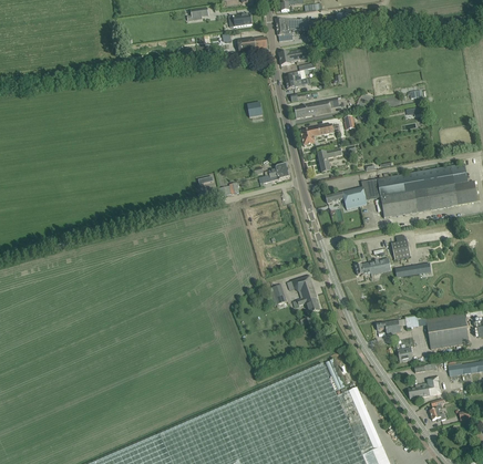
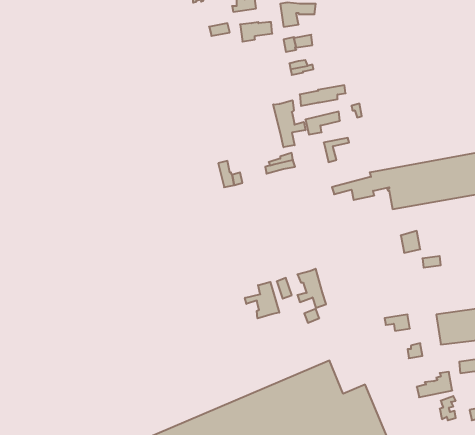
building: none -> [273,100,305,147]
building: [356,252,391,276] -> none
building: none -> [245,282,279,318]

